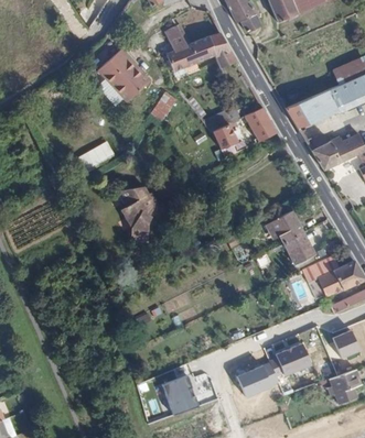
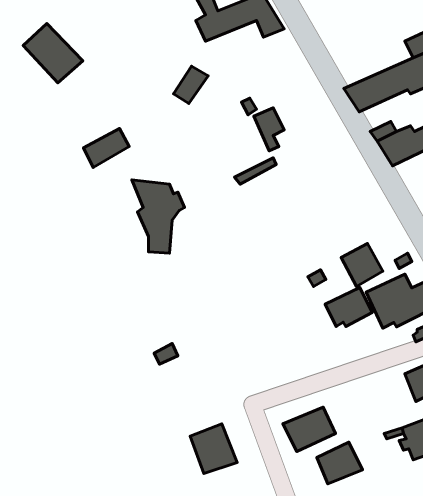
building: [100,53,148,100] -> [23,23,83,83]
building: [245,107,277,141] -> none
building: [266,211,303,242] -> [325,288,372,326]
building: [276,341,312,374] -> [317,442,363,484]

